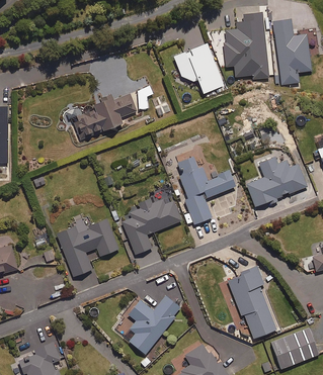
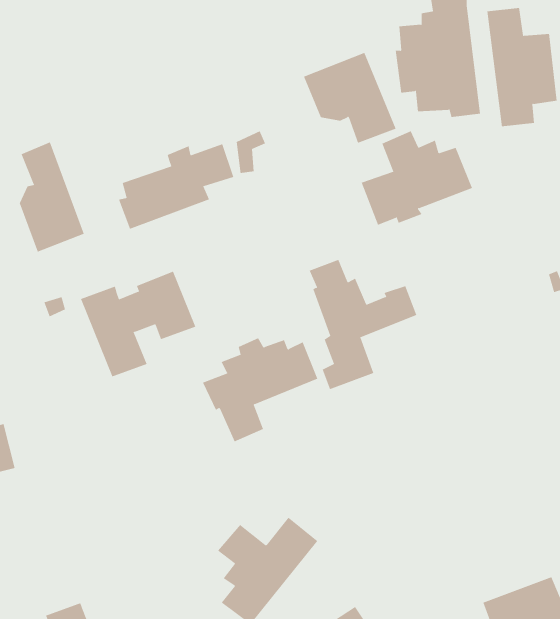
building: none -> [19,142,84,253]
building: [246,155,307,206] -> [361,130,473,225]
building: [56,218,118,276] -> [80,271,196,377]
building: [219,265,276,339] -> none

